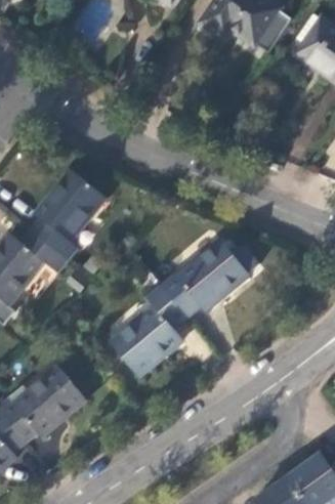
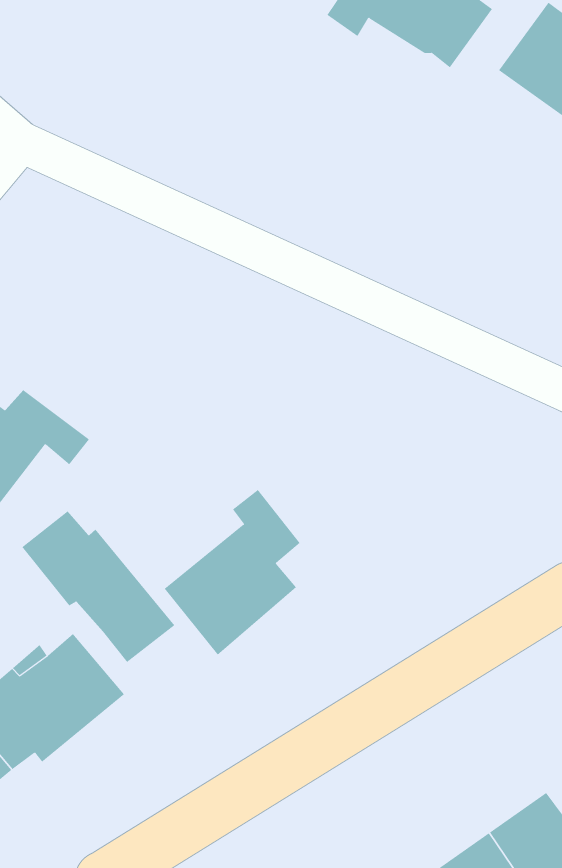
building: [31,171,106,259] -> none
building: [161,241,248,317] -> none
building: none -> [21,510,175,663]

